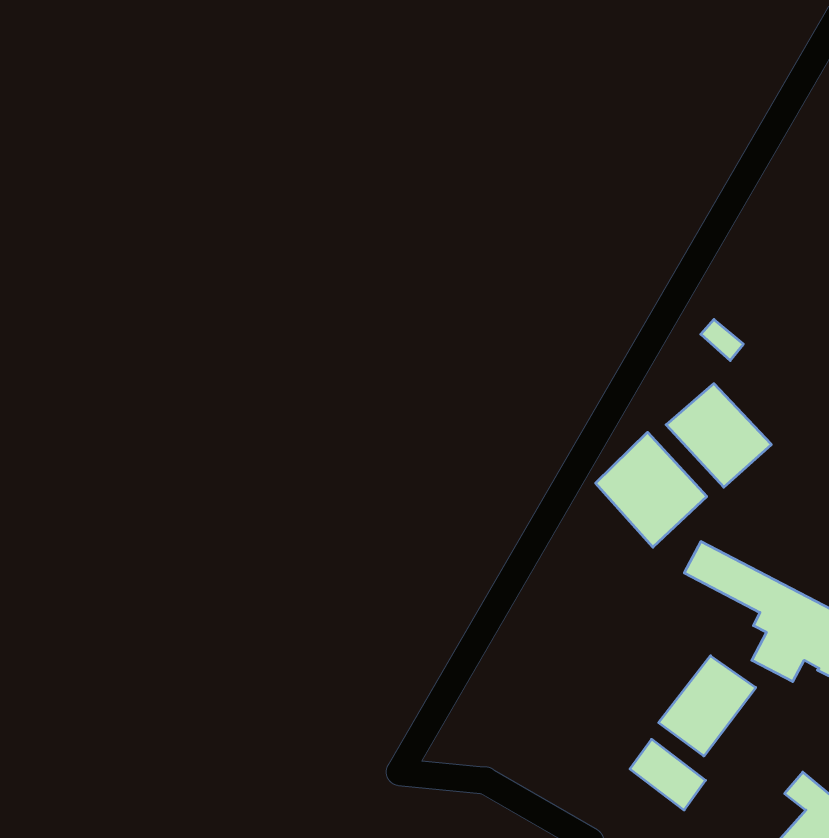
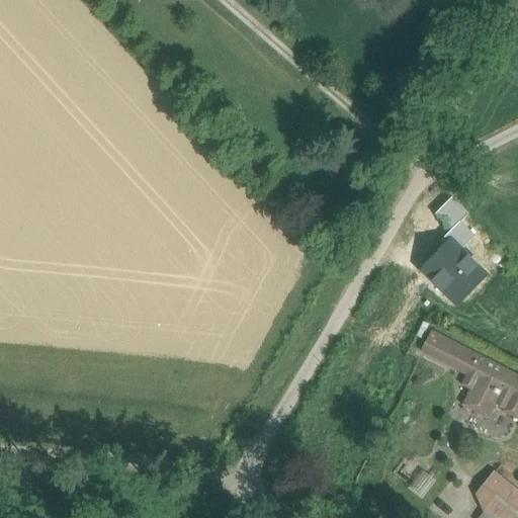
building: [596,432,707,547] -> none
building: [659,656,756,756] -> none

